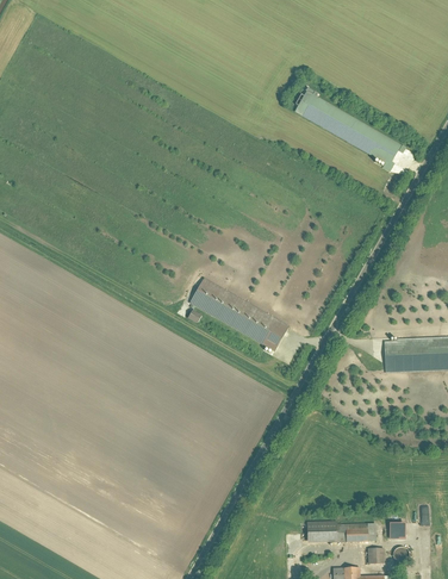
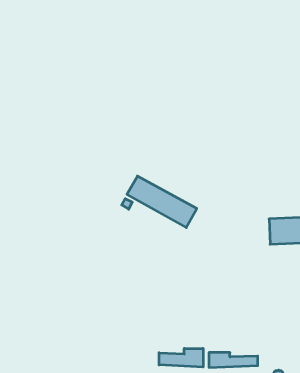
building: [294,93,399,176] -> none
building: none -> [159,348,203,367]

